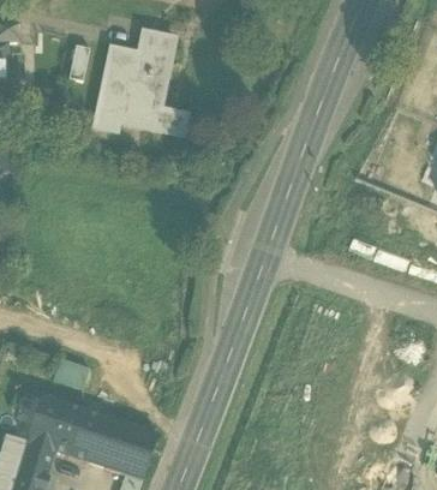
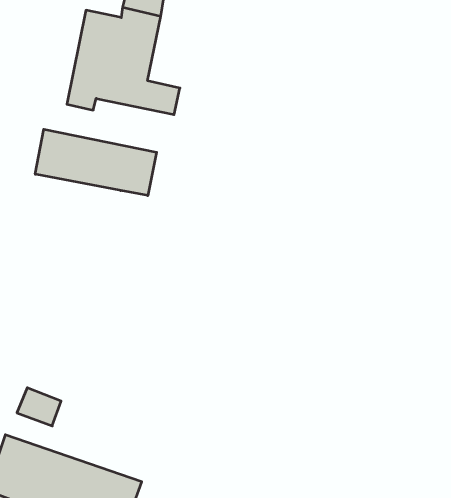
building: none -> [35,129,157,196]

